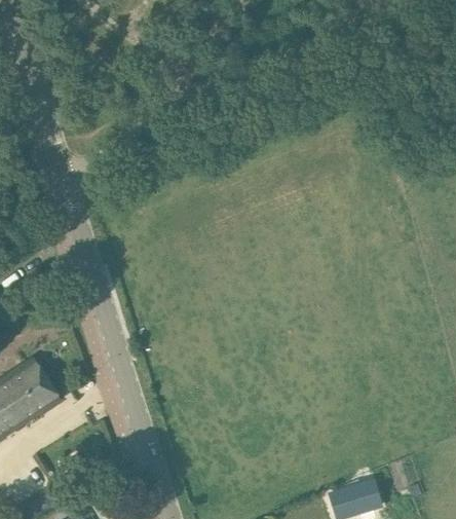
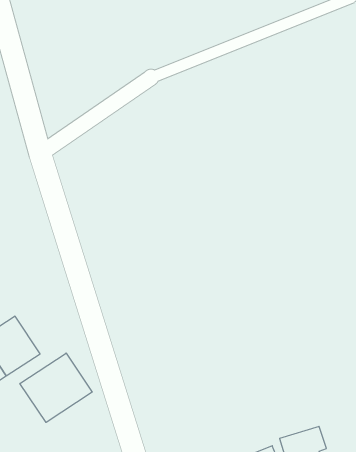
building: none -> [20,353,92,422]

